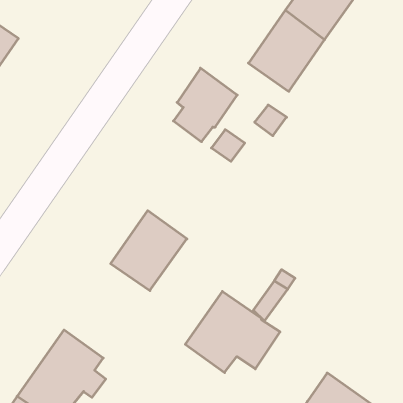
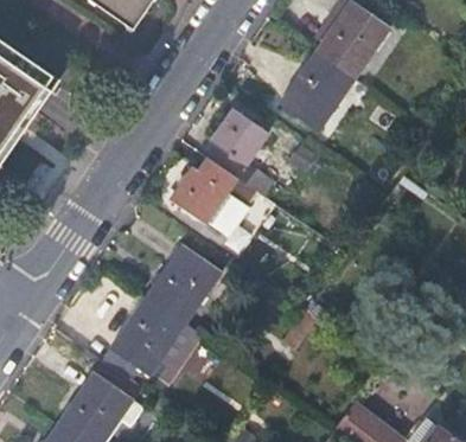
building: none -> [170,158,249,237]
building: [185,291,280,373] -> [110,295,202,373]

